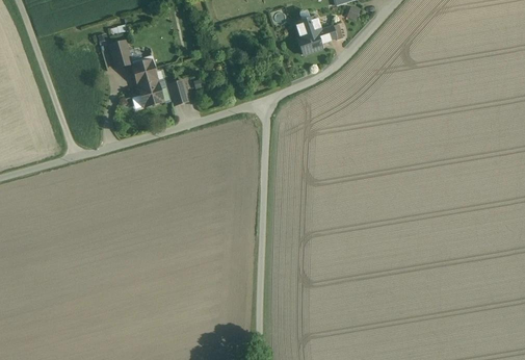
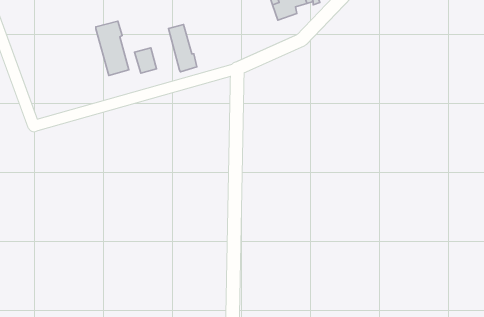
building: [108,41,131,68] -> none
building: none -> [168,24,197,72]

